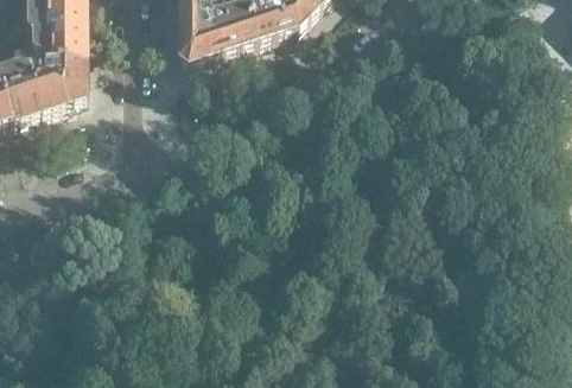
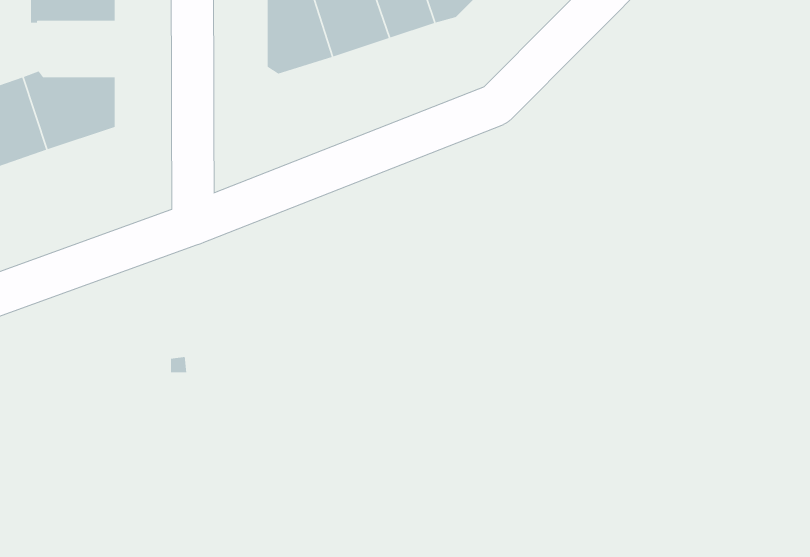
building: [38,28,87,63] -> none

